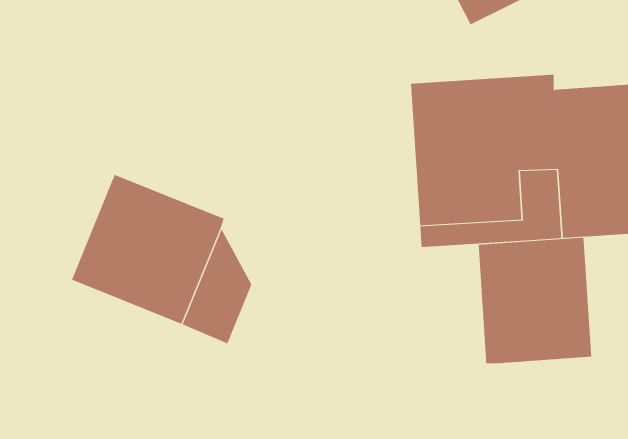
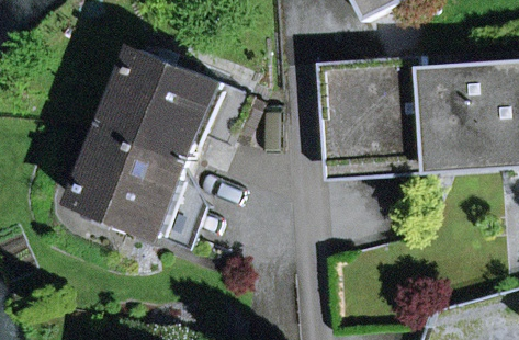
building: none -> [104,50,246,158]
building: [478,237,592,364] -> none

